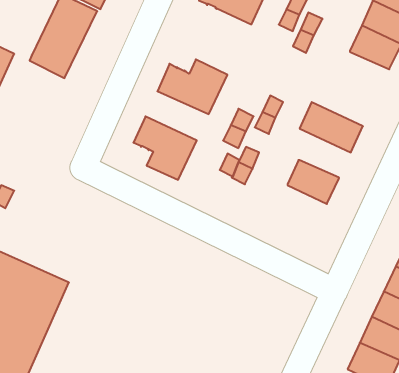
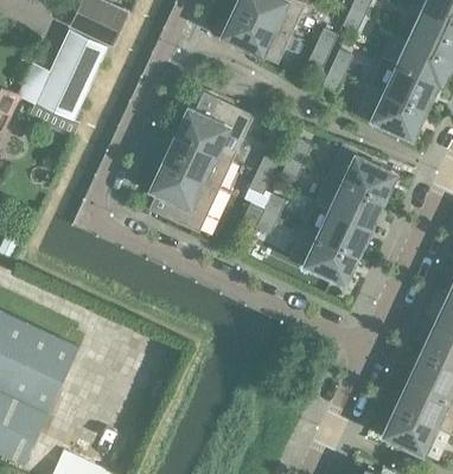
building: none -> [357,85,426,140]
building: none -> [161,135,230,188]
building: none -> [314,175,384,229]
building: none -> [289,230,358,286]

